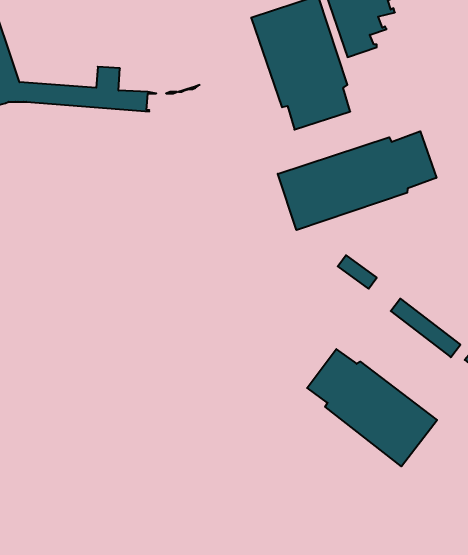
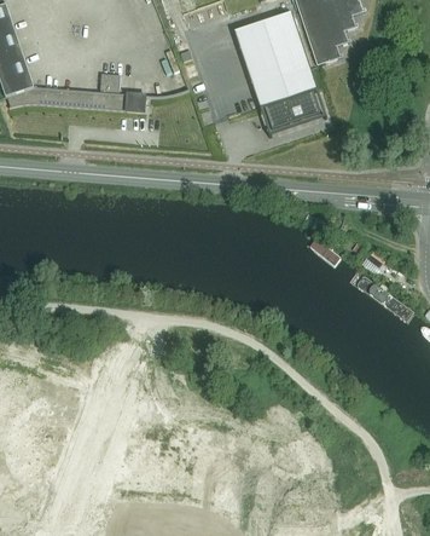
building: [278,131,436,230] -> none
building: [307,349,437,466] -> none

